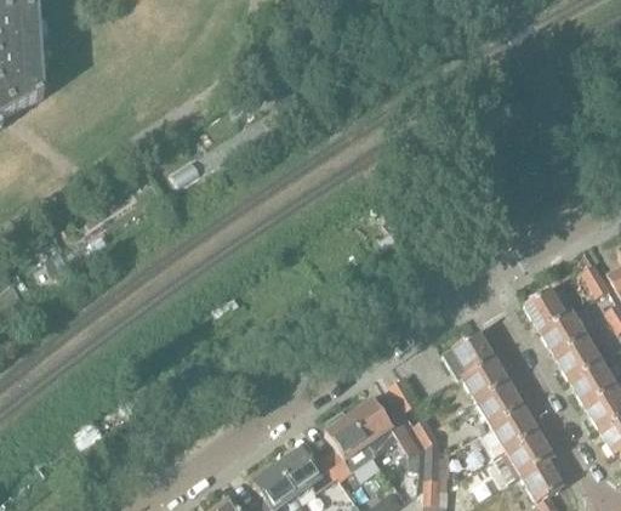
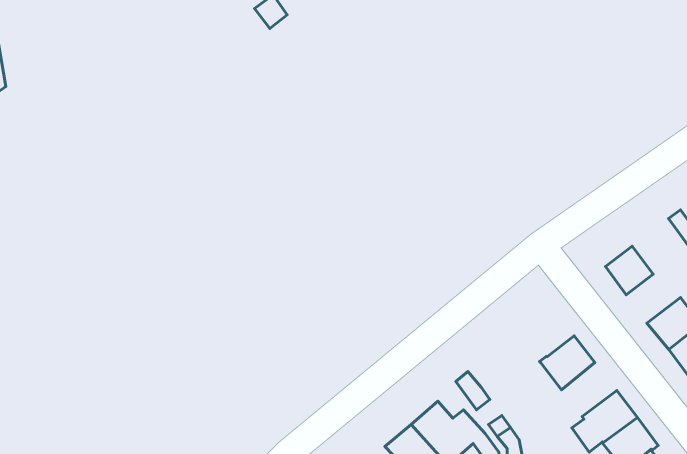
building: [541,311,586,354] -> none
building: [443,331,494,380] -> none
building: [478,382,524,426] -> none

